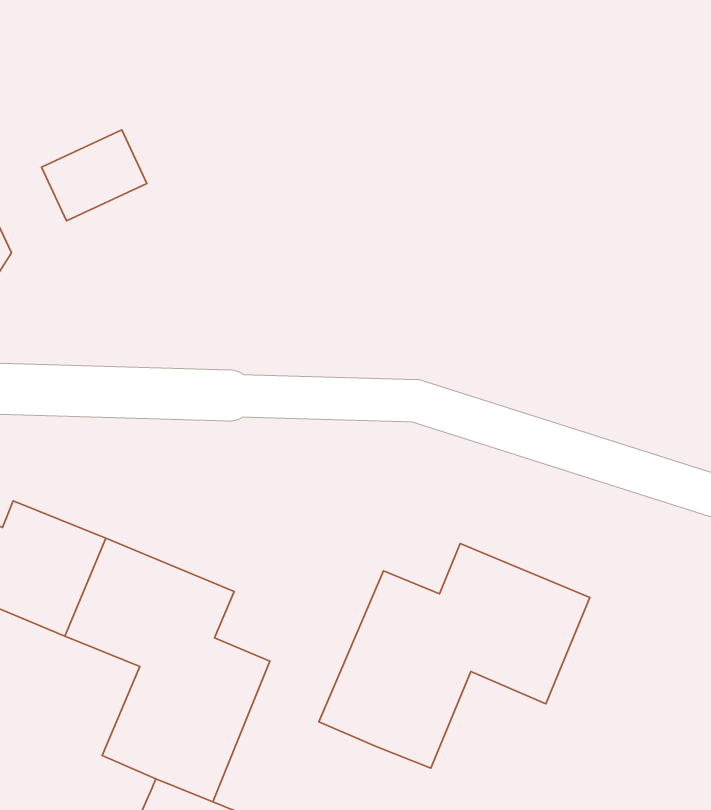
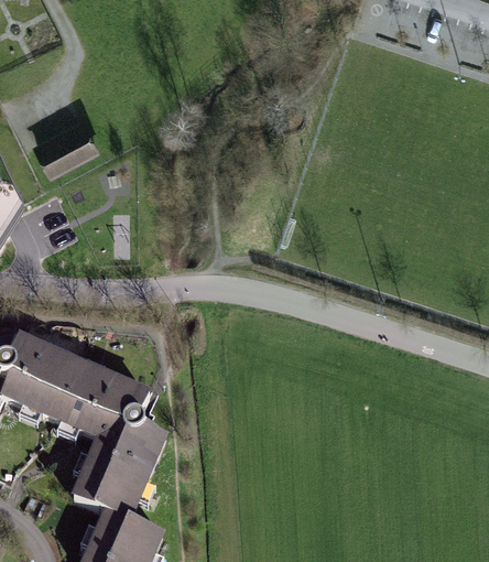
building: [319,544,590,768] -> none

